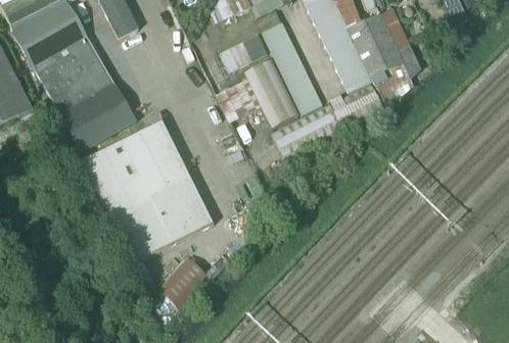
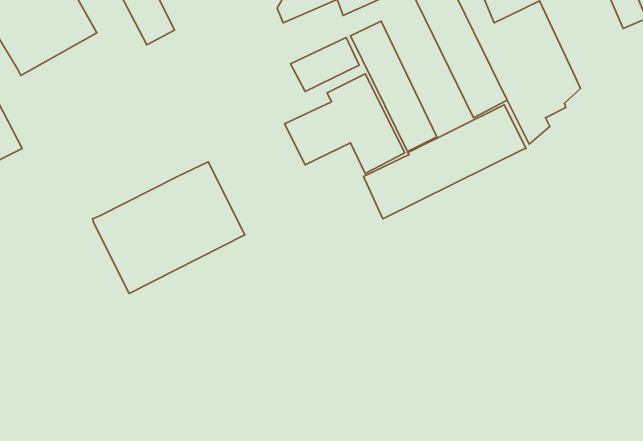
building: [30,29,134,151] -> none
building: [105,169,213,261] -> none
building: [154,253,207,308] -> none

